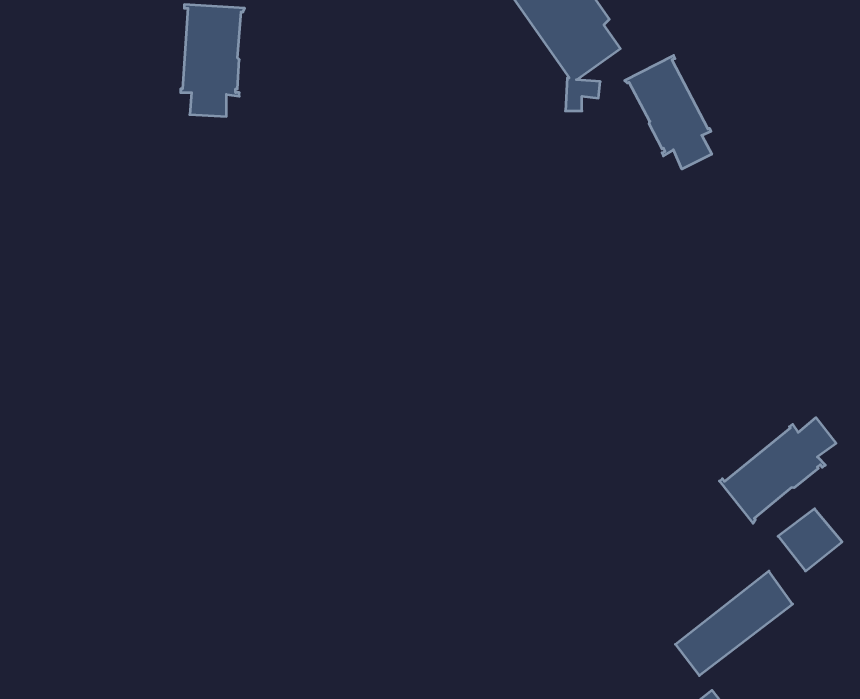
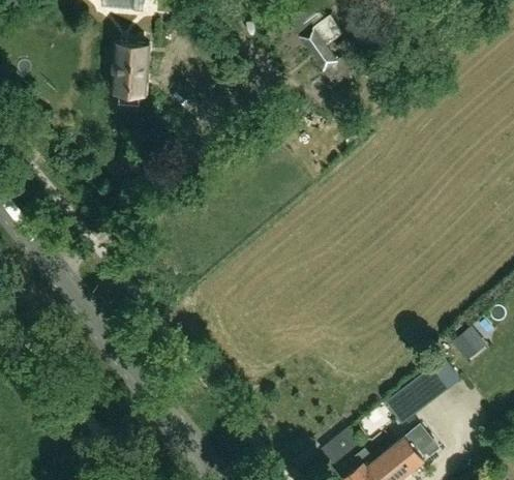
building: [625,55,712,169] -> none
building: [719,418,836,523] -> none

